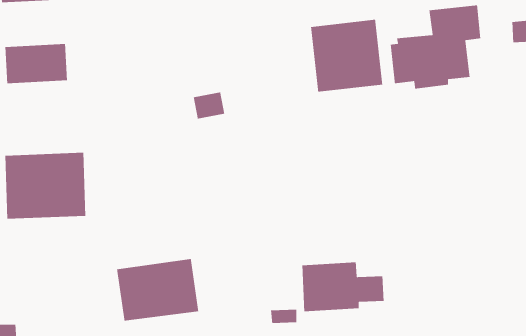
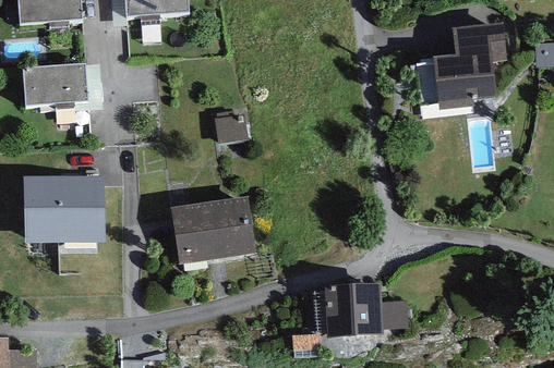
building: [310,19,383,93] -> none
building: [116,258,199,322] -> [171,198,255,262]

